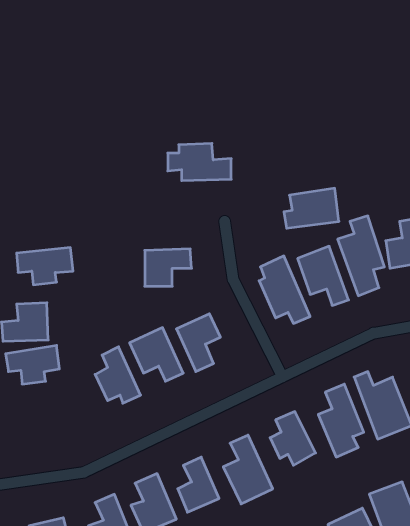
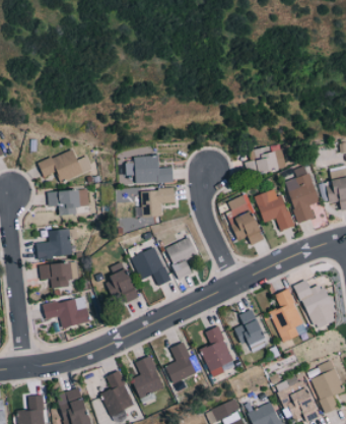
building: [168,143,231,181] -> [127,156,174,183]
building: none -> [40,149,92,182]
building: none -> [43,296,89,328]

